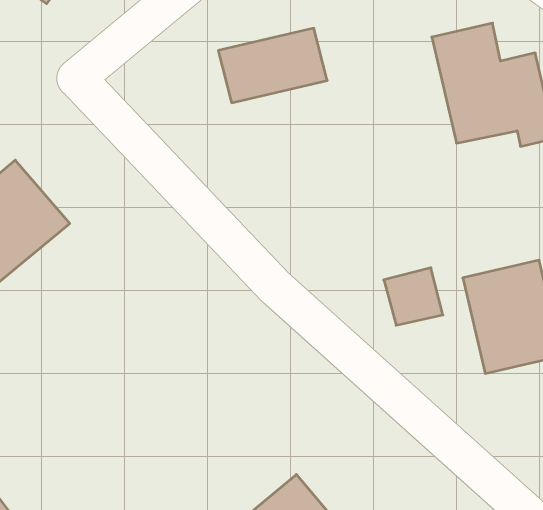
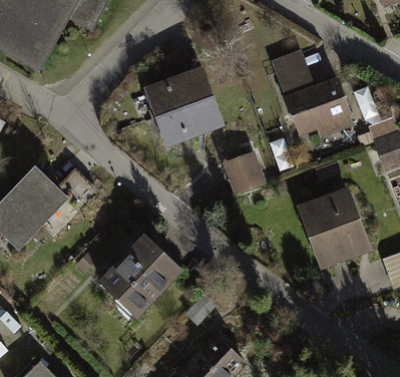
building: none -> [155,99,222,152]
building: [384,268,443,325] -> [226,154,263,191]
building: none -> [101,238,178,316]

